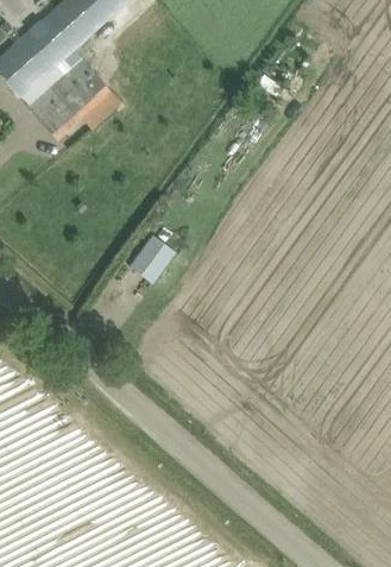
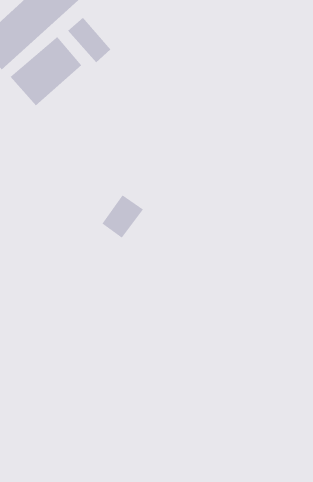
building: none -> [67,17,111,63]

